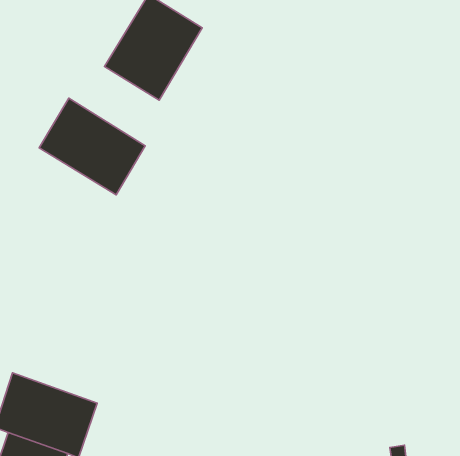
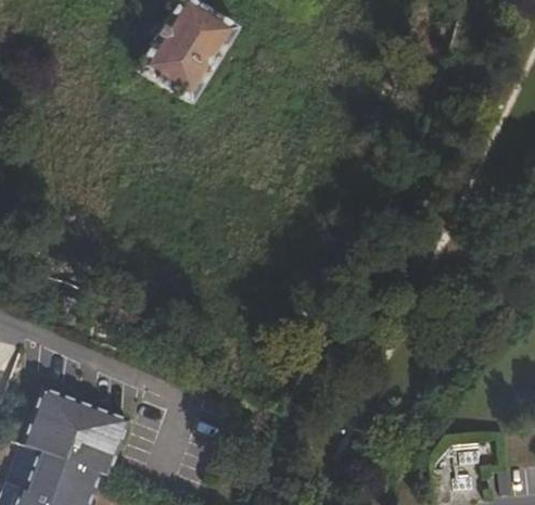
building: [39,98,145,195] -> none

